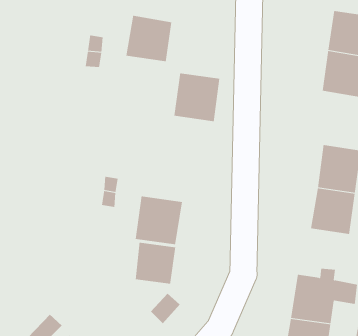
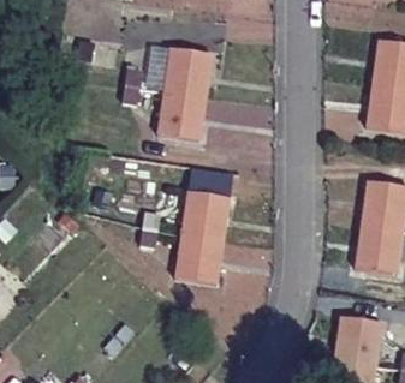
building: [174,73,220,122] -> [159,89,207,139]
building: none -> [180,191,228,239]
building: [135,242,176,285] -> none

